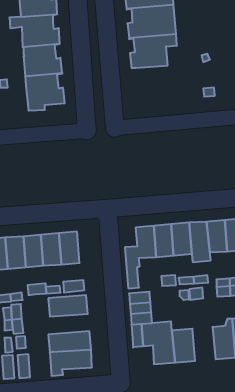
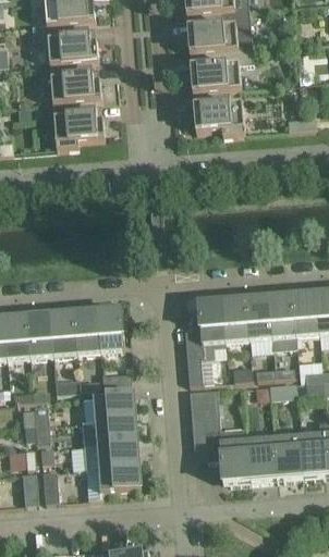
building: none -> [193,88,244,134]
building: none -> [81,416,136,443]
building: none -> [272,433,303,478]

